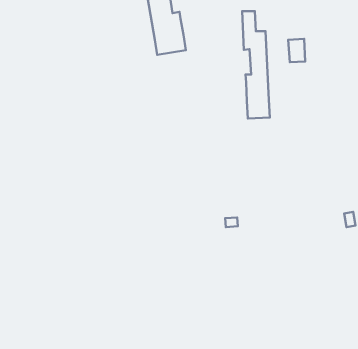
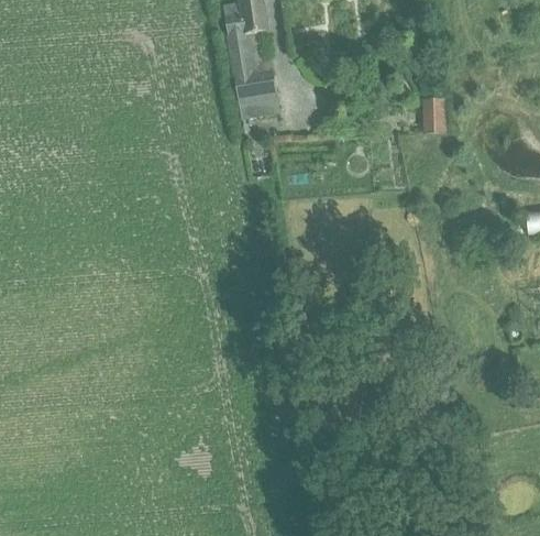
building: [242,11,270,118] -> none

